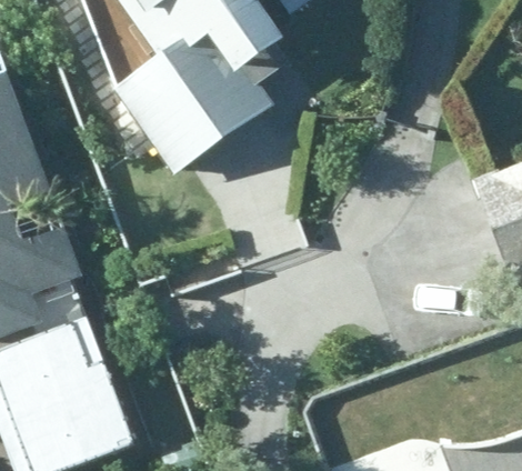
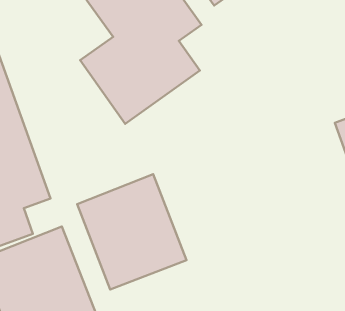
building: none -> [77,174,187,289]

